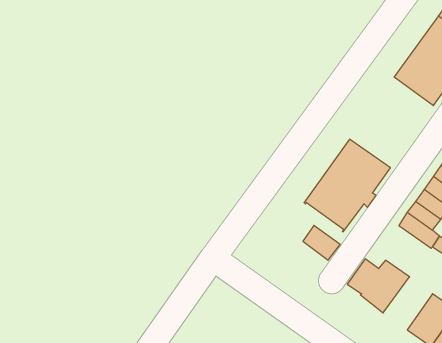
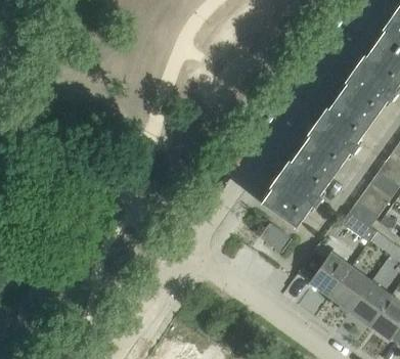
building: none -> [300,96,371,174]
building: none -> [328,267,370,312]

